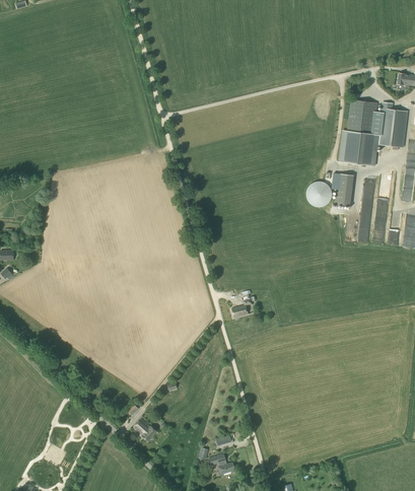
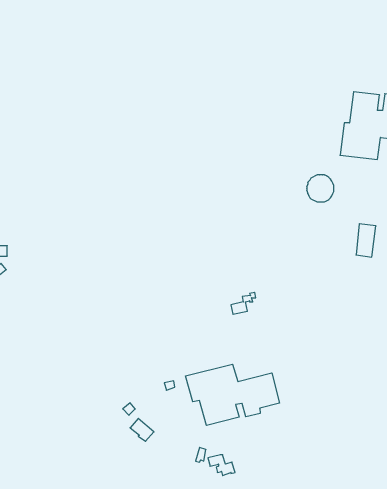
building: [335,170,354,203] -> [356,224,376,257]
building: none -> [186,364,279,425]

